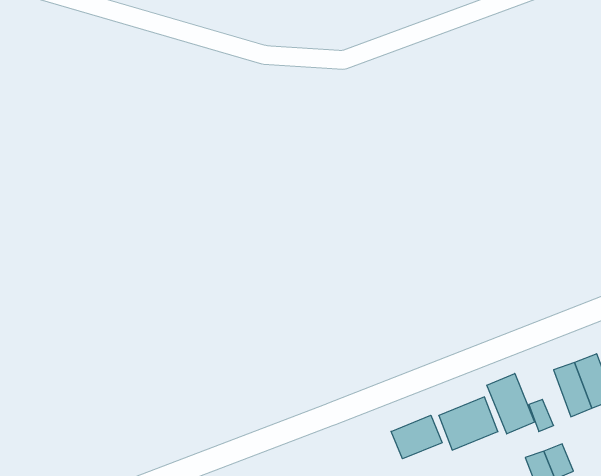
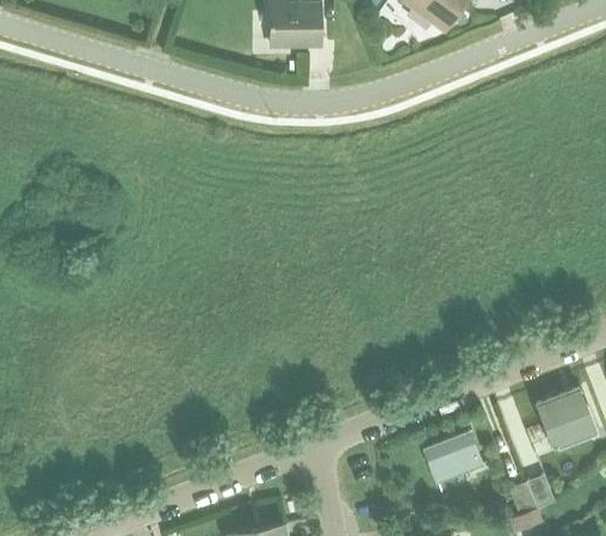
building: [487,373,535,434] -> none
building: [391,415,442,459] -> none

